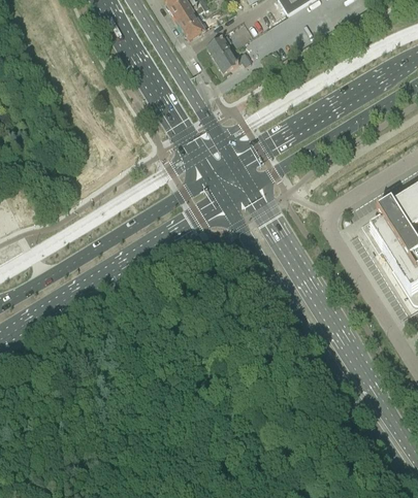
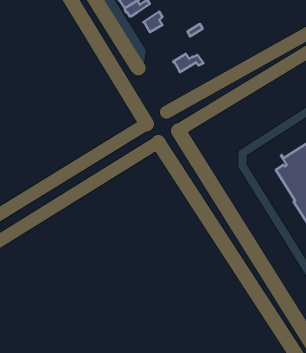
building: [213,48,250,71] -> [173,54,203,72]

